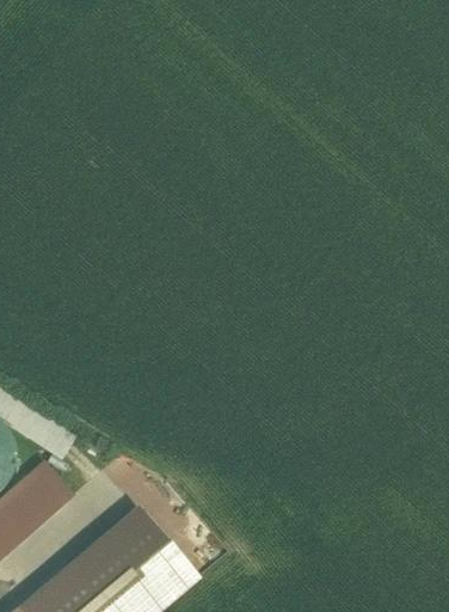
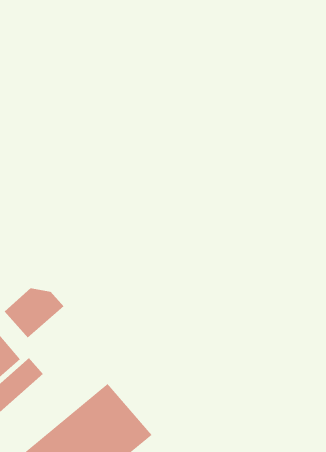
building: none -> [4,287,65,339]

